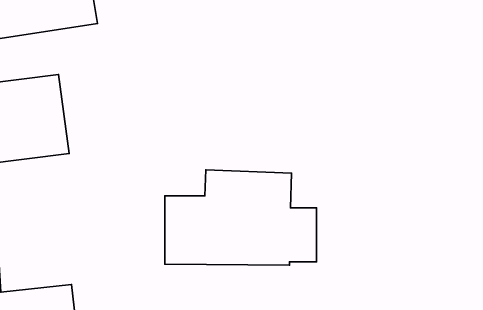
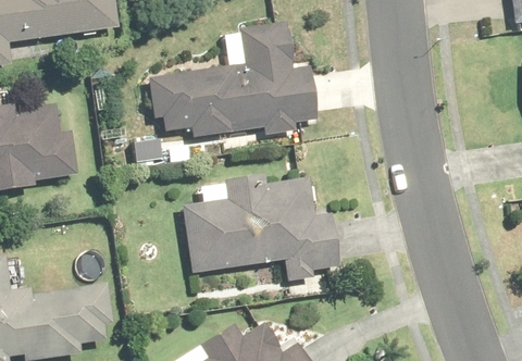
building: none -> [129,36,296,140]

